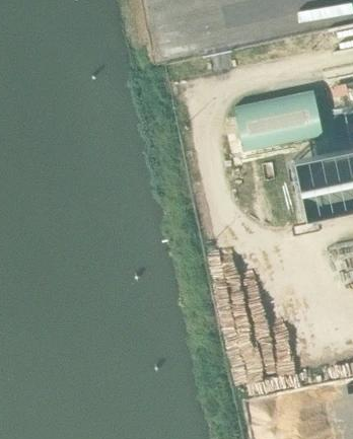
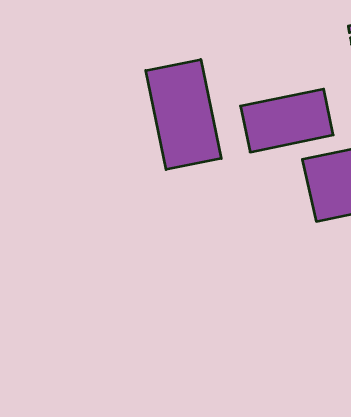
building: none -> [146,59,221,170]

